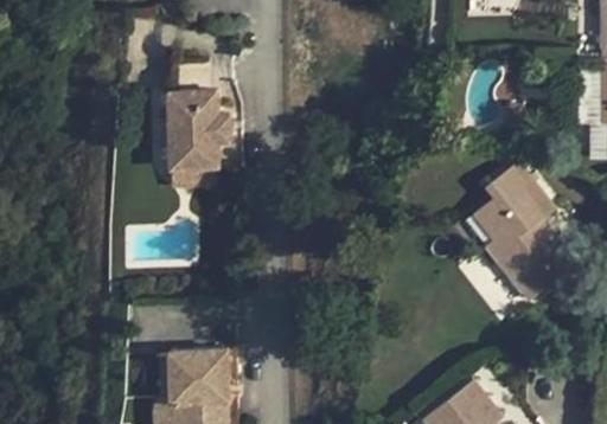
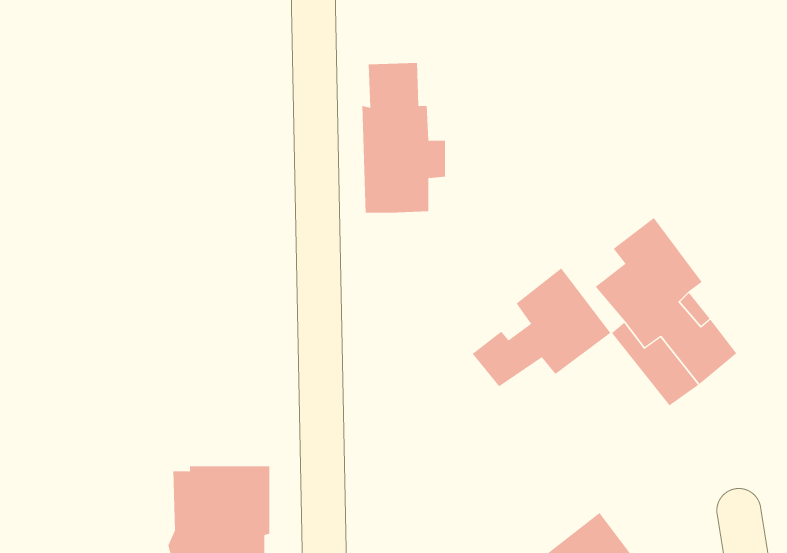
building: [172,58,232,166] -> [361,62,446,213]
building: none -> [472,267,611,387]

